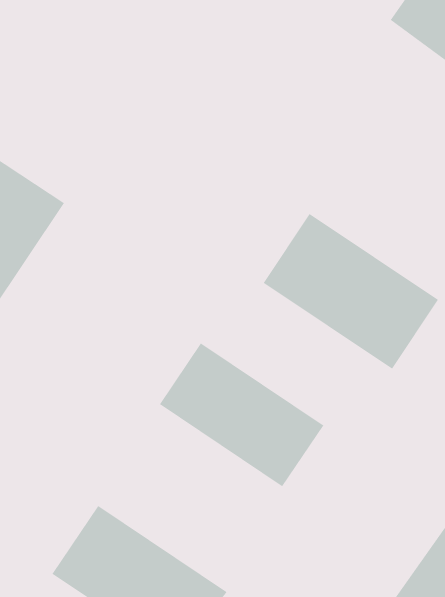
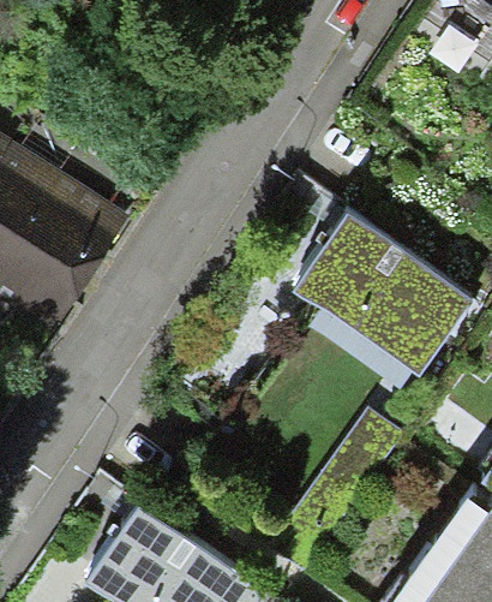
building: [159,342,324,487] -> none

